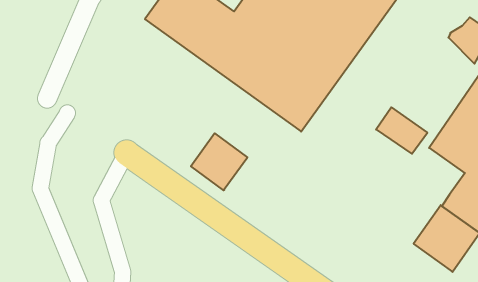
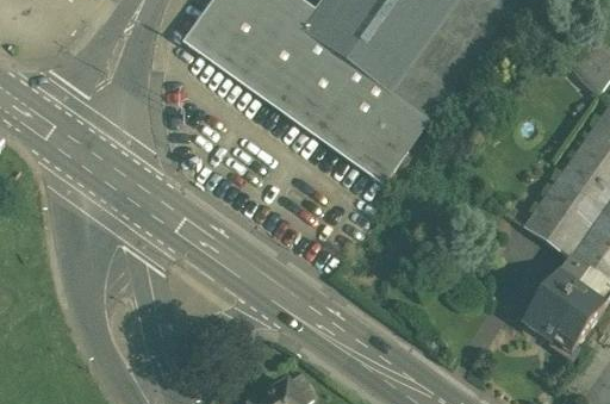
building: [376,107,427,154] -> [522,198,585,255]
building: [191,133,247,190] -> none

